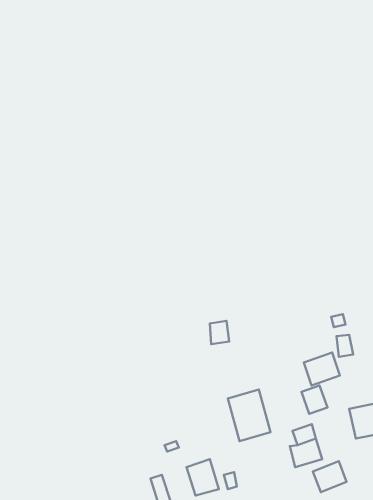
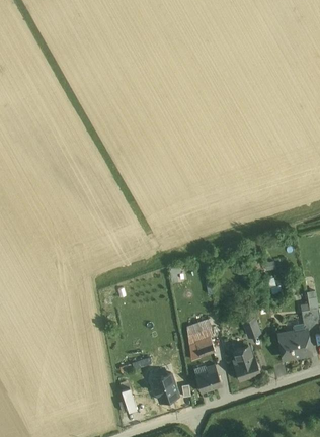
building: [304,353,340,386] -> none
building: [313,461,347,492] -> [194,368,221,392]

